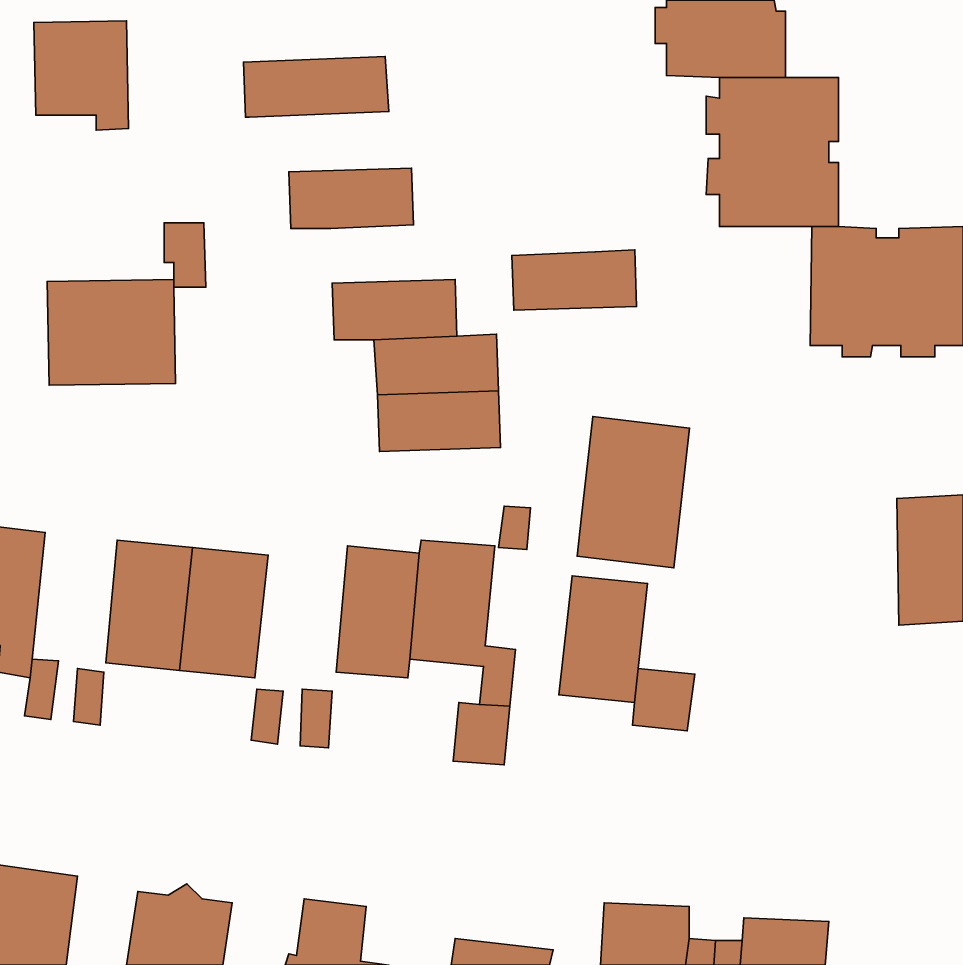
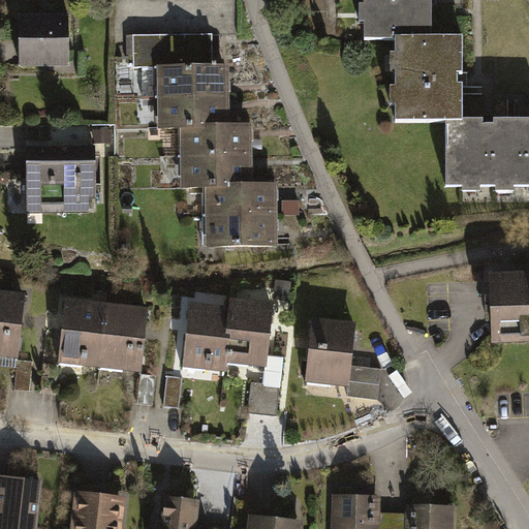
building: none -> [136,61,225,95]
building: [512,250,637,310] -> [181,122,249,155]
building: [577,417,689,568] -> none

